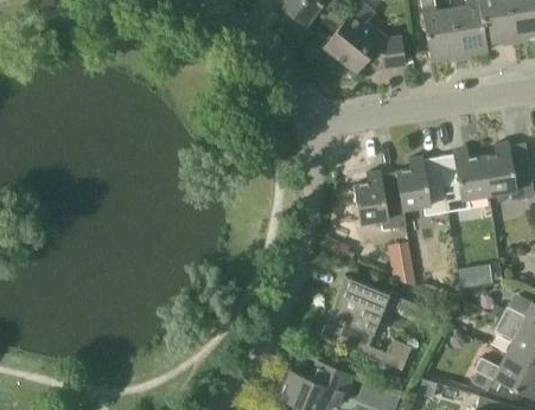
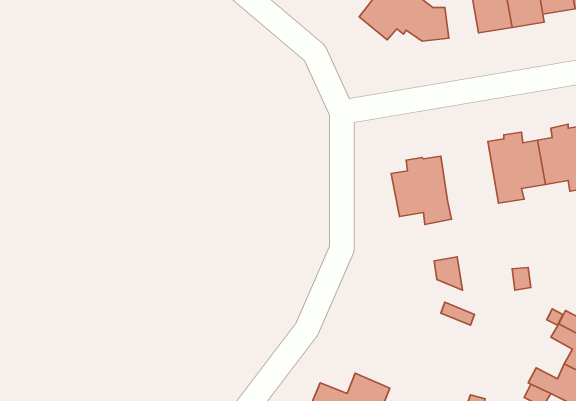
building: [396,158,447,217] -> none
building: [320,276,410,370] -> none

